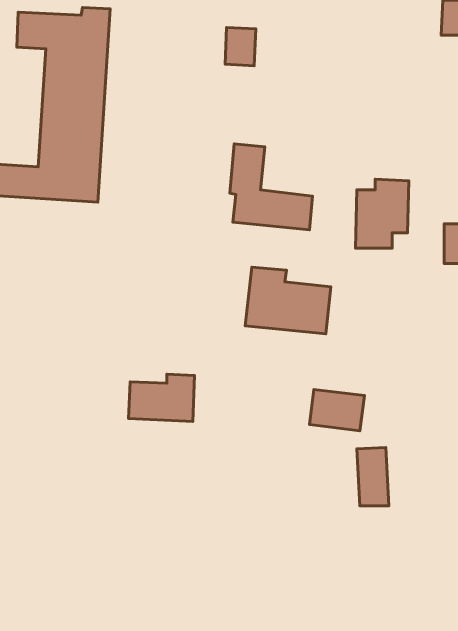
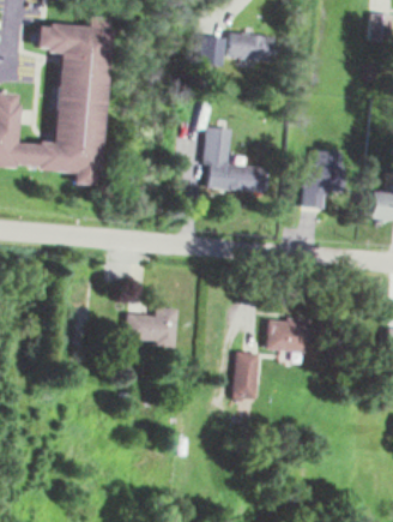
building: none -> [228,31,274,60]
building: [245,267,331,334] -> none
building: [357,447,389,506] -> [232,352,258,397]

